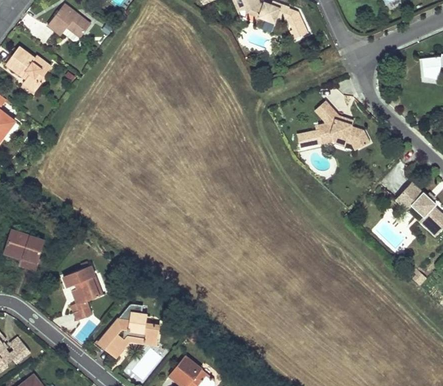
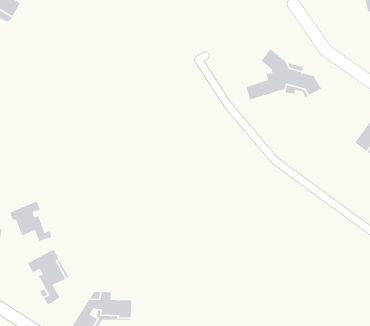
building: none -> [9,201,52,242]

